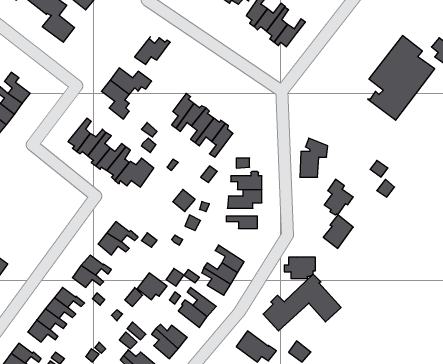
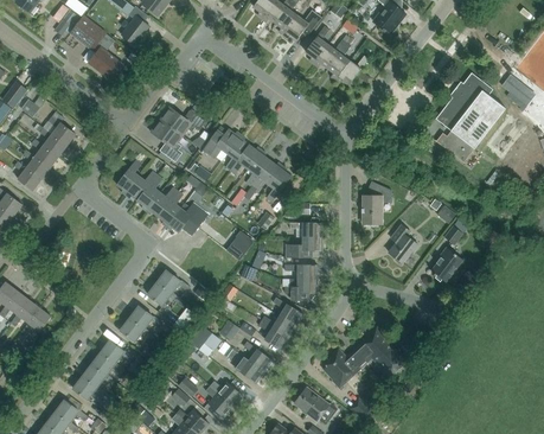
building: [135,37,170,65] -> [203,128,241,158]
building: [323,215,353,248] -> [430,247,462,282]
building: [284,257,315,278] -> [283,277,316,300]

